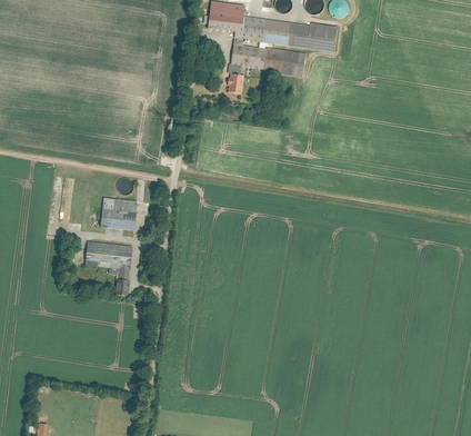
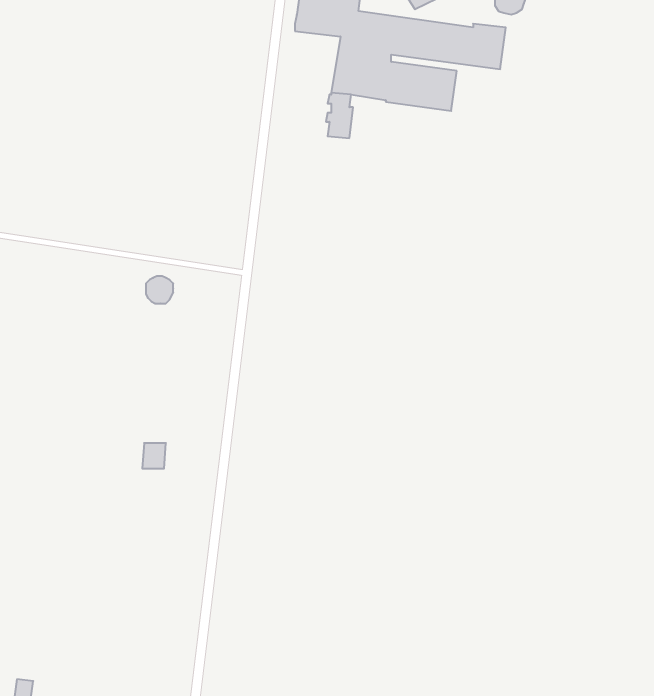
building: [100,198,136,229] -> none
building: [84,241,132,269] -> none

